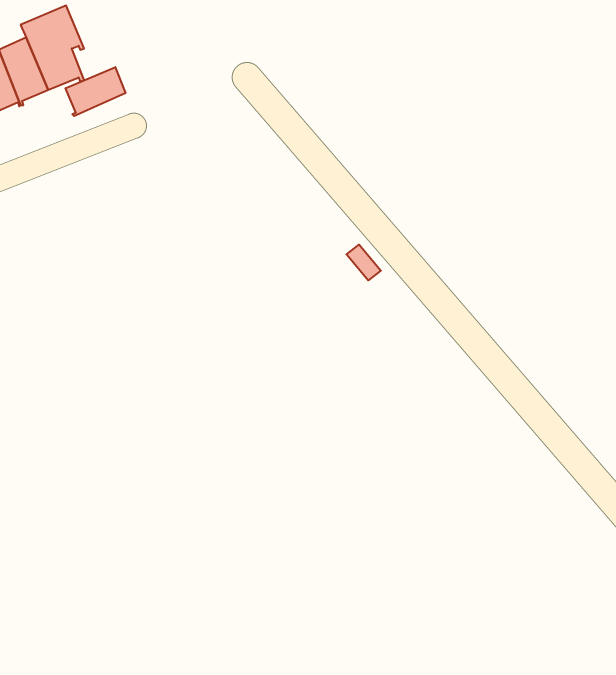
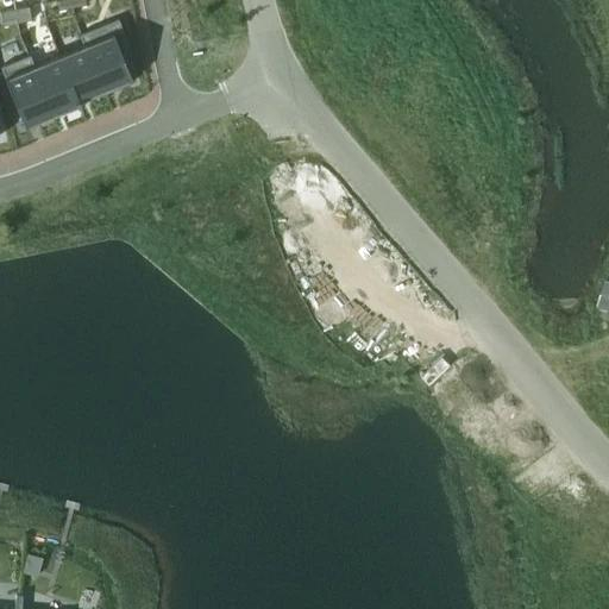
building: [66,67,126,116] -> none

